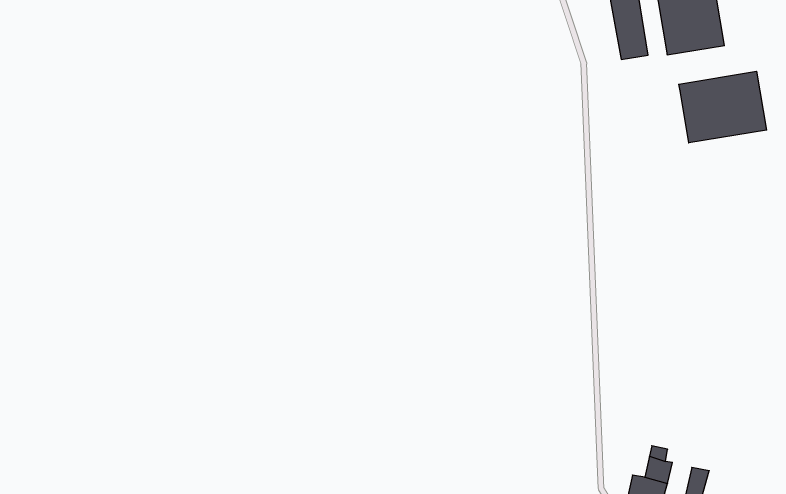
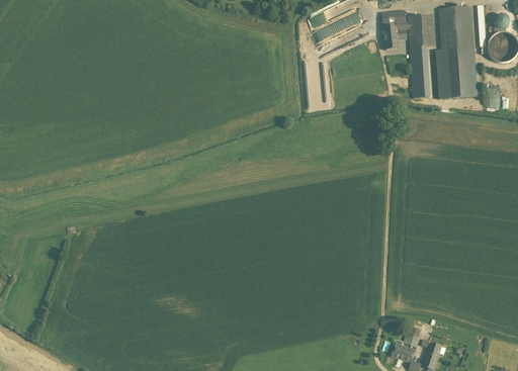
building: [679,71,767,143] -> none

